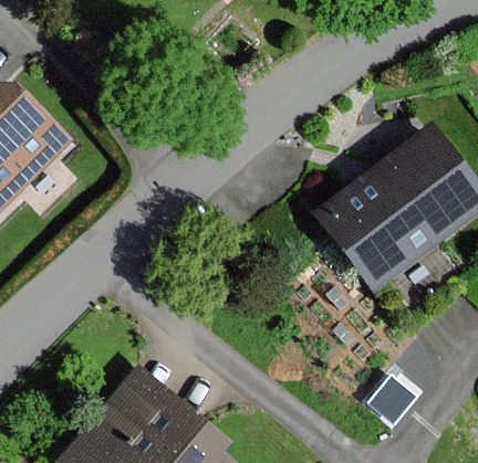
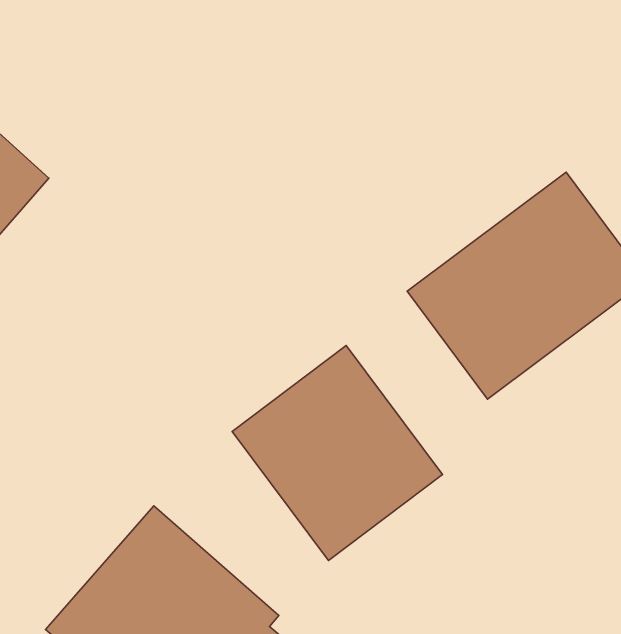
building: none -> [232,346,443,560]

